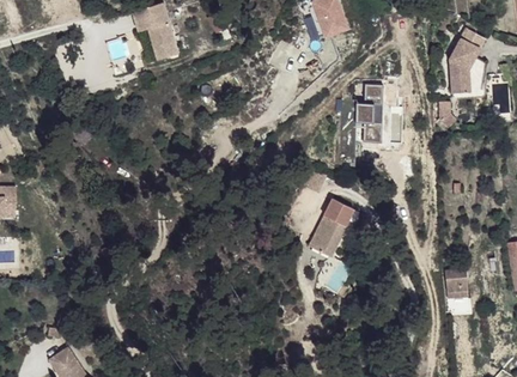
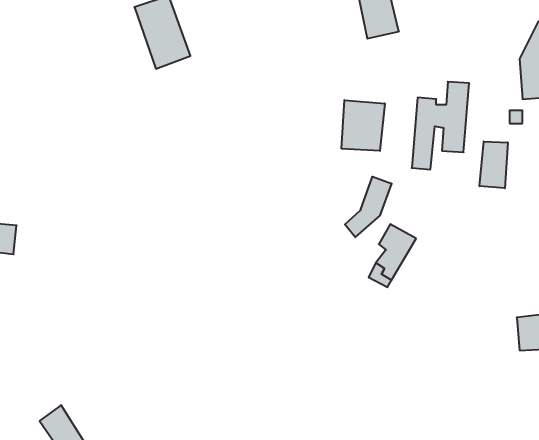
building: none -> [342,100,385,151]
building: none -> [480,141,508,188]
building: none -> [345,177,392,237]

